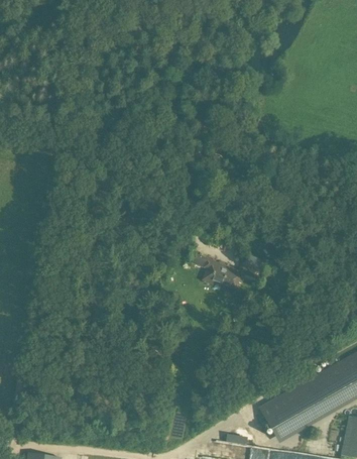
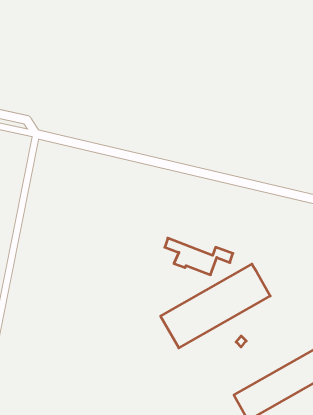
building: none -> [161,264,270,348]

